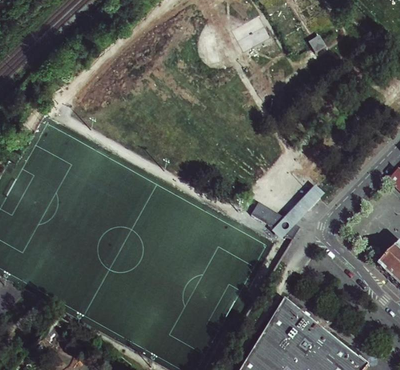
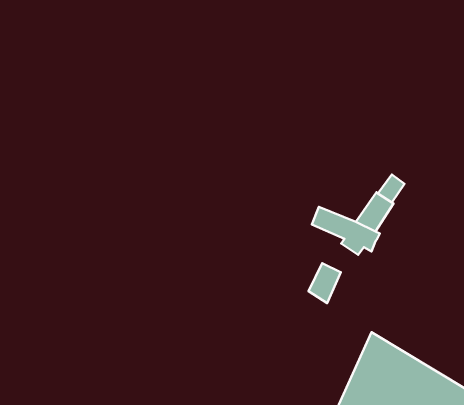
building: none -> [309,263,341,303]

